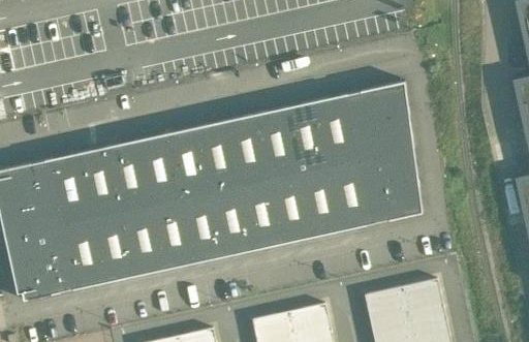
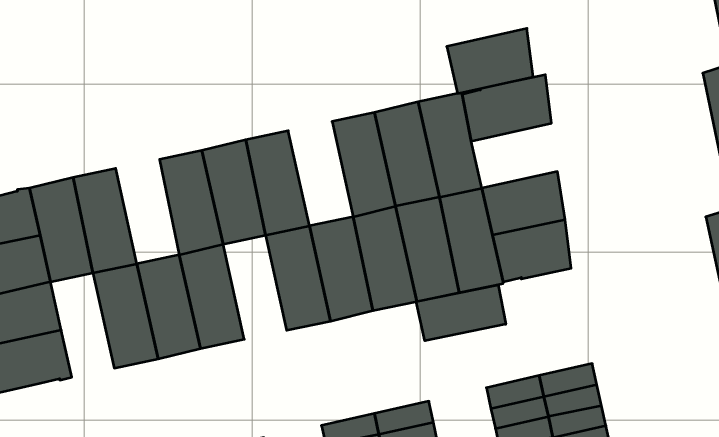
building: [229,113,274,184] -> none
building: [354,114,413,158] -> [447,28,533,93]
building: [112,138,155,210] -> none
building: [185,190,228,261] -> none
building: [67,216,111,287] -> none
building: none -> [416,285,506,341]

